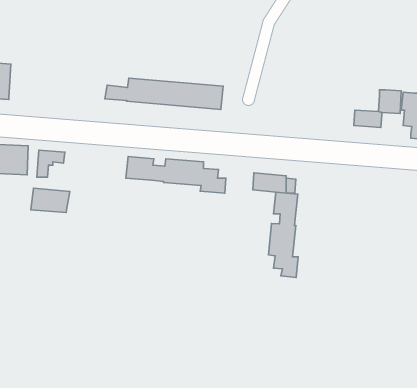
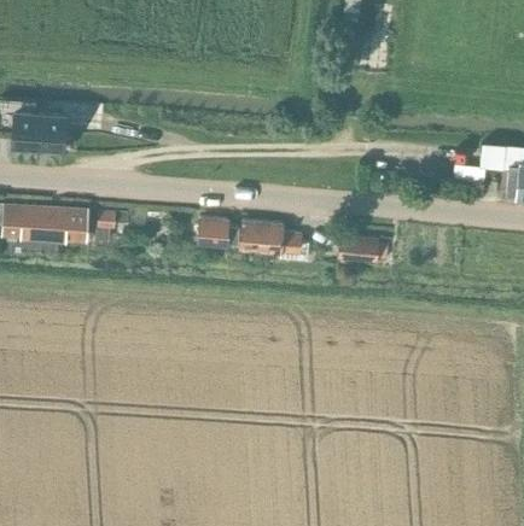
building: [105,78,223,109] -> none
building: [31,188,70,213] -> none
building: [269,192,298,278] -> none

